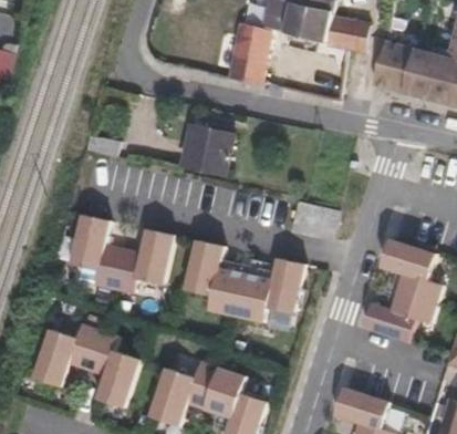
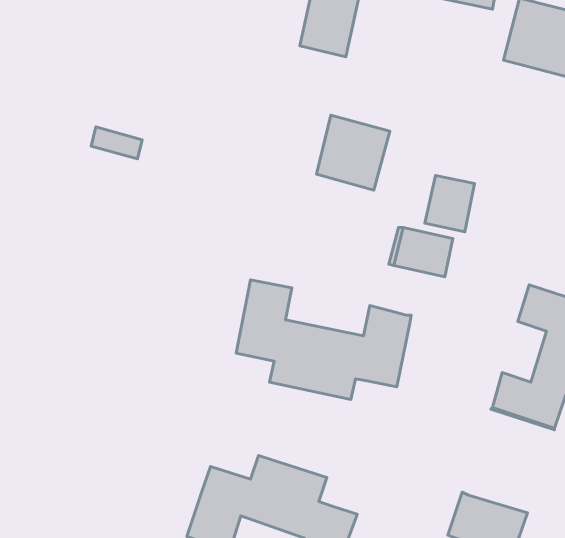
building: [181,121,232,173] -> [317,115,390,190]
building: none -> [425,175,475,232]
building: [69,214,173,292] -> none
building: [32,323,139,407] -> none

